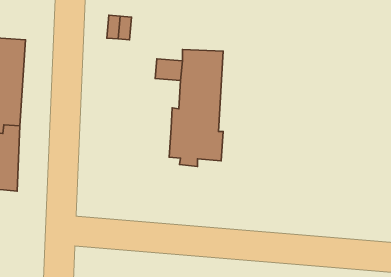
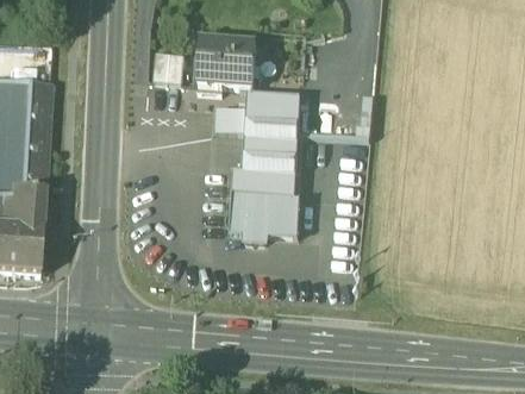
building: none -> [196,38,256,92]

